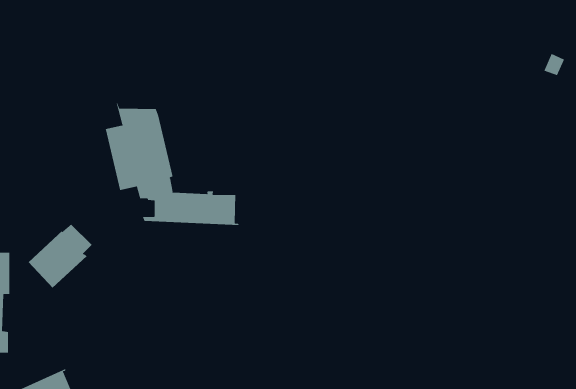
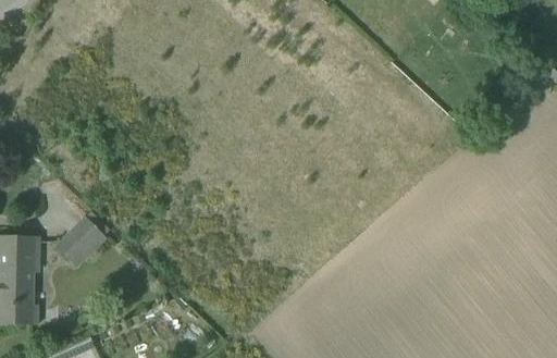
building: [105,102,239,226] -> none

